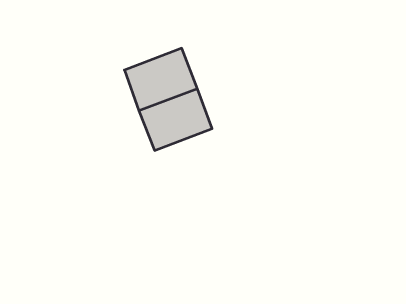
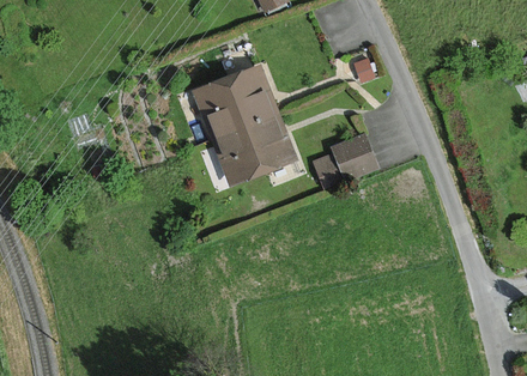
building: none -> [333,133,382,181]

